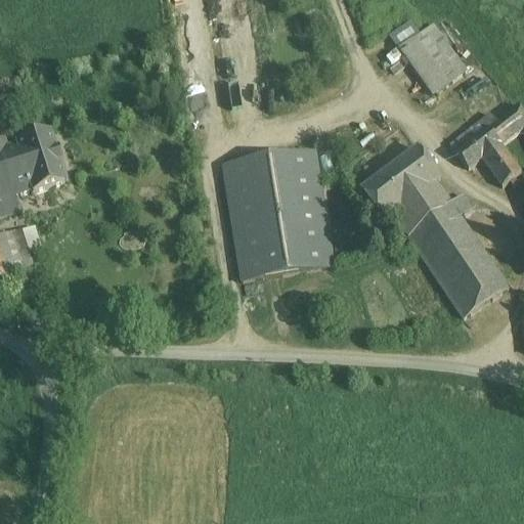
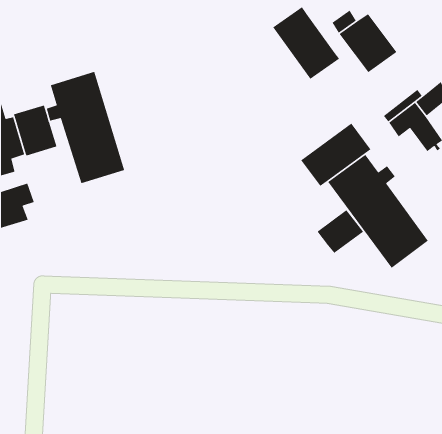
building: none -> [272,6,340,80]
building: none -> [46,71,125,184]
building: [218,147,331,282] -> none
building: none -> [316,209,364,254]

